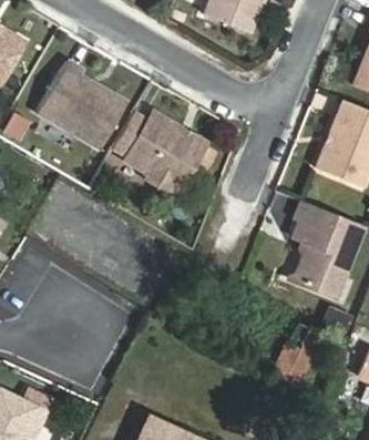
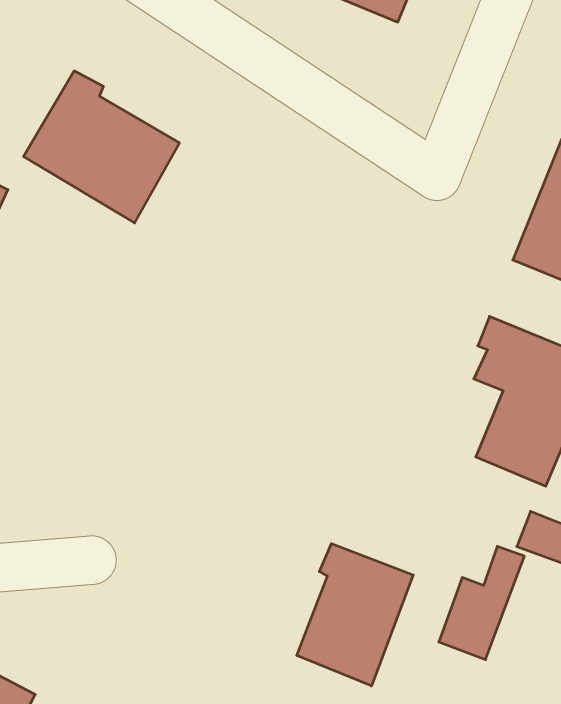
building: [115,109,207,187] -> none
building: none -> [297,544,413,686]

